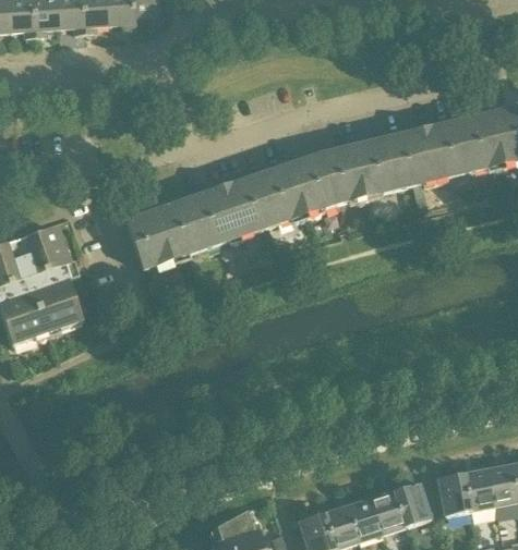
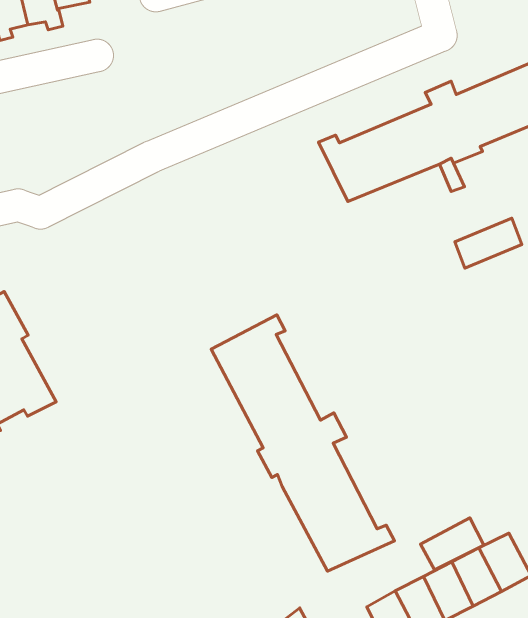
building: [127,151,337,268] -> none
building: none -> [455,218,522,268]
building: none -> [211,315,395,571]
building: none -> [420,518,484,570]

